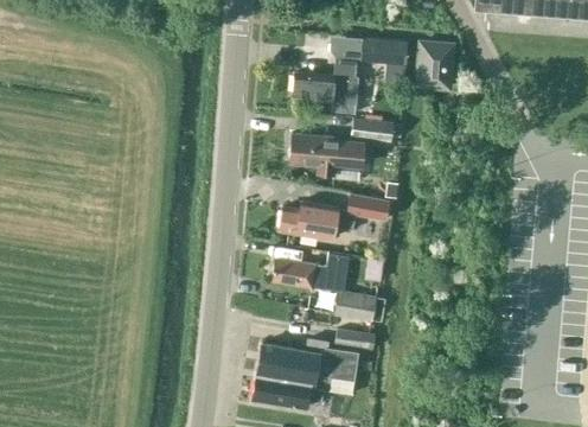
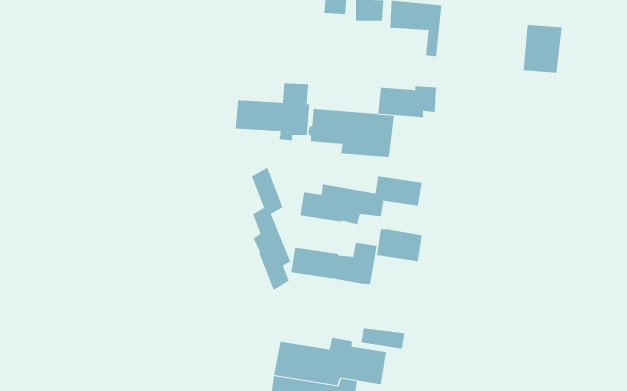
building: [418,42,454,85] -> [523,24,563,73]
building: [293,57,360,109] -> [235,83,310,141]
building: none -> [251,167,291,291]
building: [335,291,377,320] -> [376,229,422,262]

